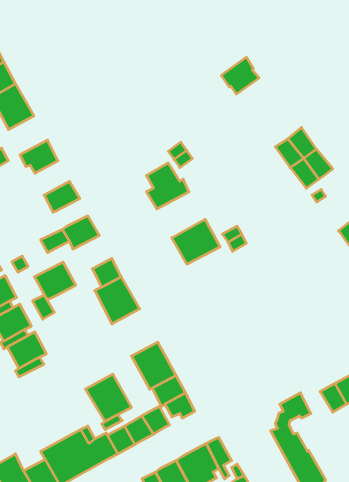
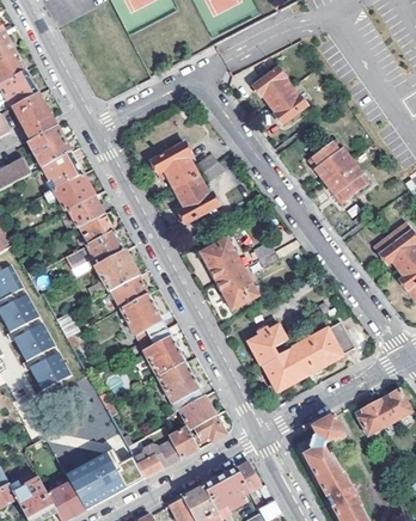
building: none -> [267,86,306,123]
building: none -> [27,125,71,166]
building: none -> [149,141,196,188]
building: none -> [43,172,93,209]
building: none -> [79,212,112,240]
building: none -> [215,262,265,308]
building: [34,262,76,300] -> [94,250,137,289]
building: none -> [246,317,354,391]
building: [85,374,131,421] -> [137,326,185,375]

